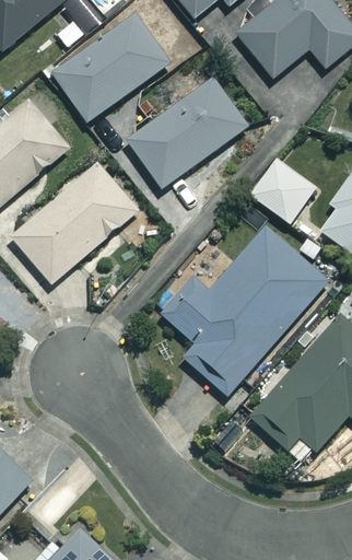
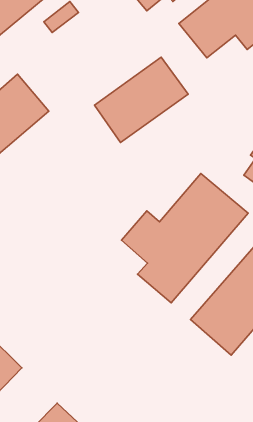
building: [52,14,168,120] -> none
building: [250,159,315,222] -> none
building: [11,163,137,283] -> none

